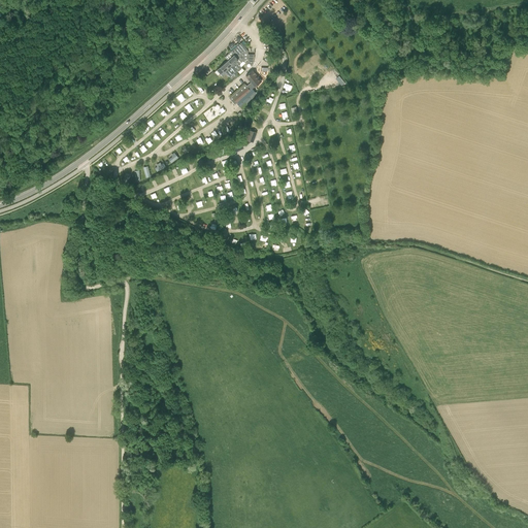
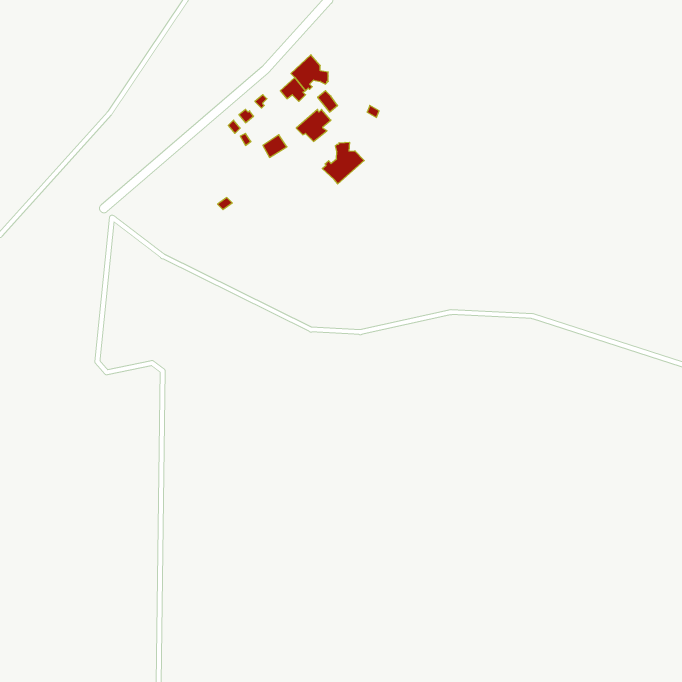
building: none -> [322,142,364,184]

